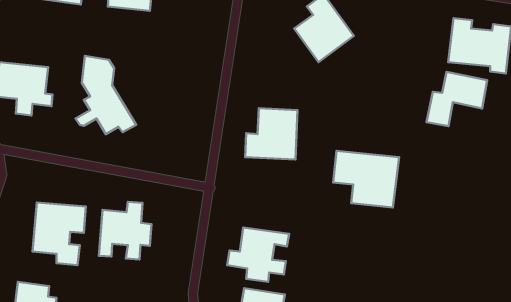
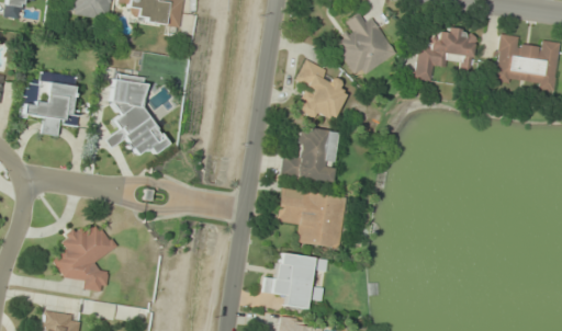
building: none -> [295,58,347,122]
building: [427,72,487,126] -> [414,25,477,82]
building: [333,151,399,208] -> [278,189,347,248]
building: [99,202,152,259] -> none

